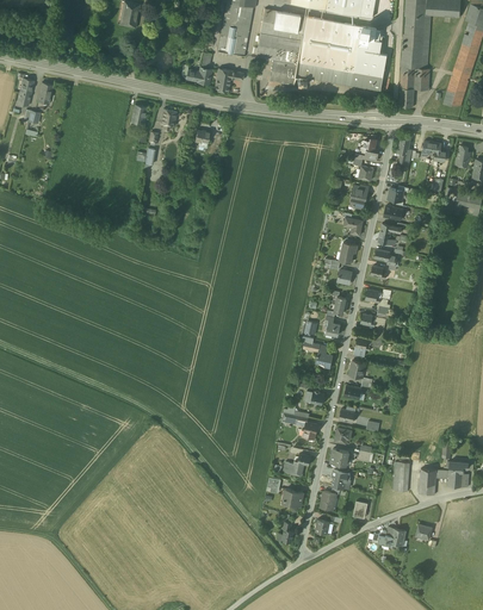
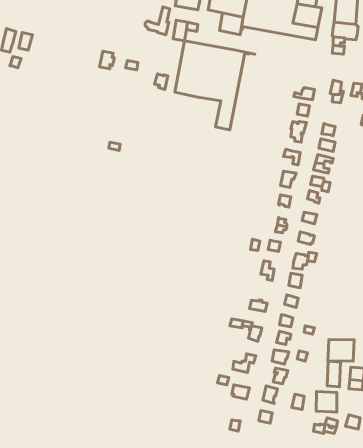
building: none -> [175,41,255,130]
building: none -> [328,339,354,361]
building: none -> [316,392,337,412]

